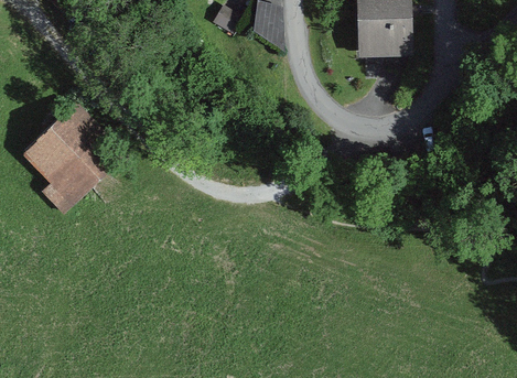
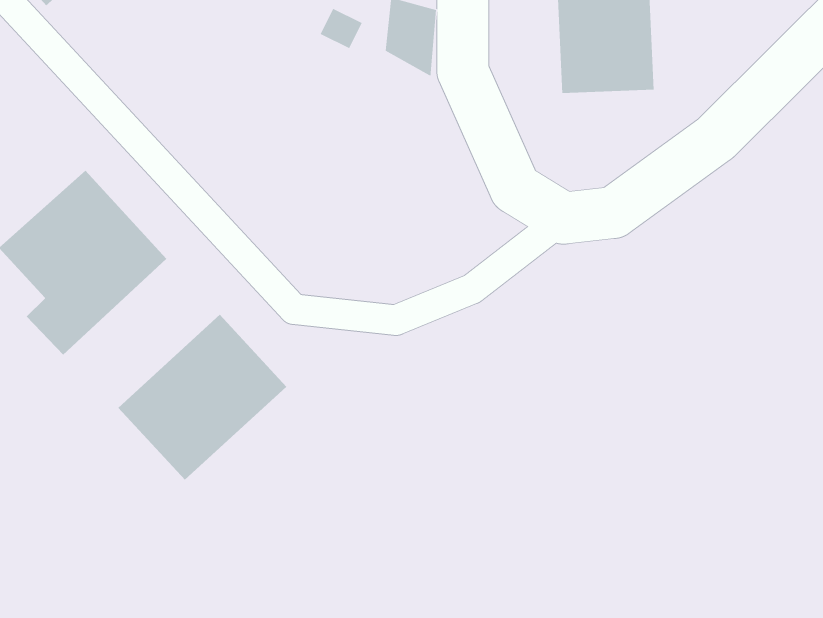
building: none -> [117,314,287,481]

